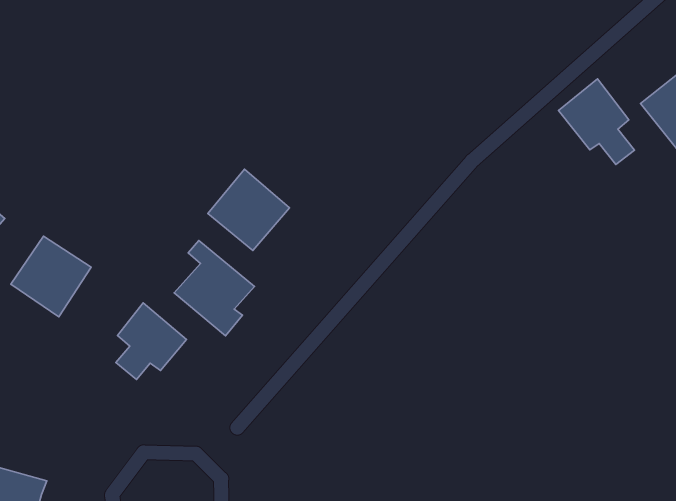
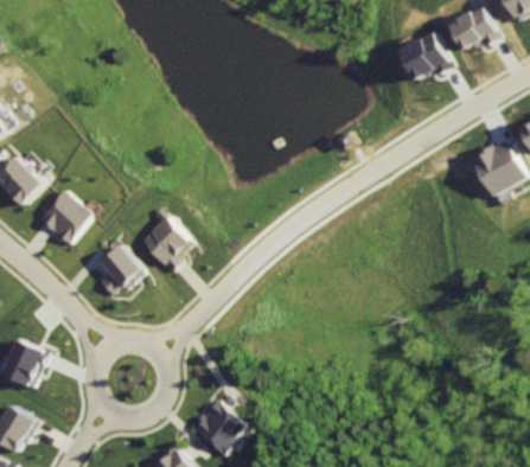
building: [558,79,634,164] -> none
building: [208,169,289,250] -> none

